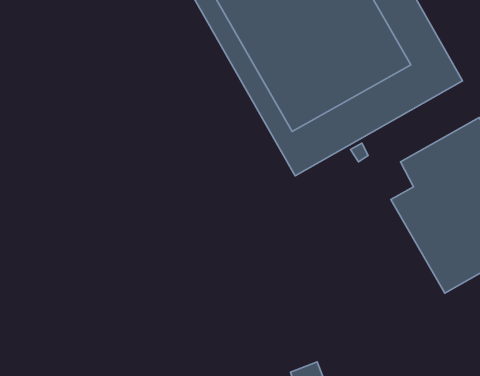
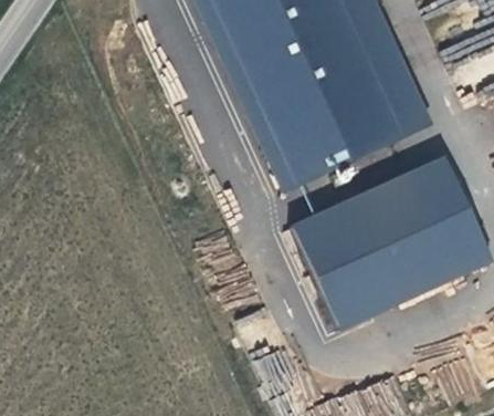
building: none -> [293,188,401,330]

